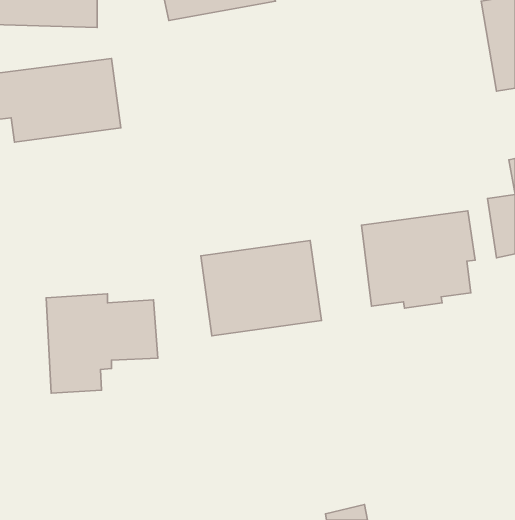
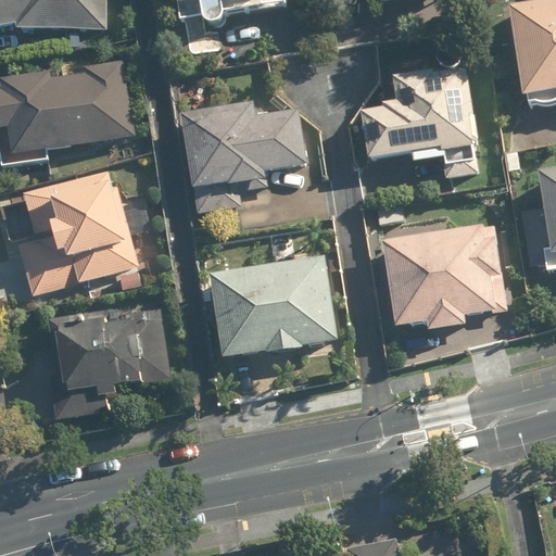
building: none -> [365,64,481,179]
building: none -> [185,101,309,189]
building: none -> [11,165,137,300]

